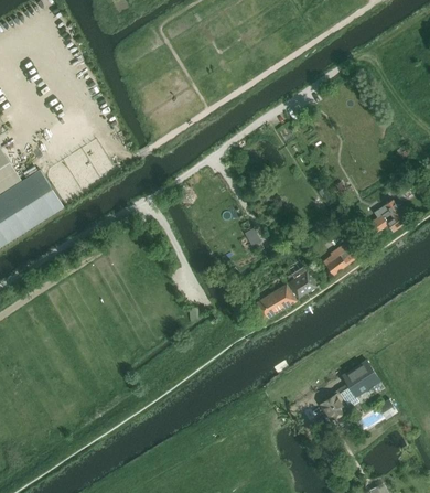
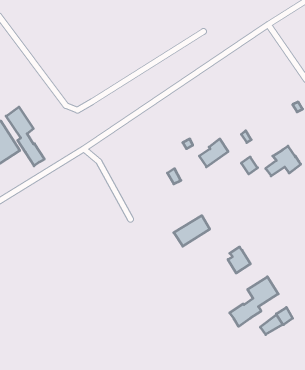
building: none -> [6,107,44,166]
building: [323,240,358,275] -> [199,139,228,167]
building: [288,267,315,299] -> [228,247,250,273]

